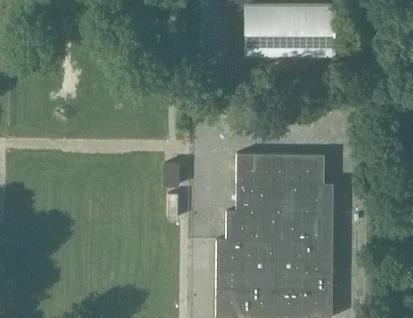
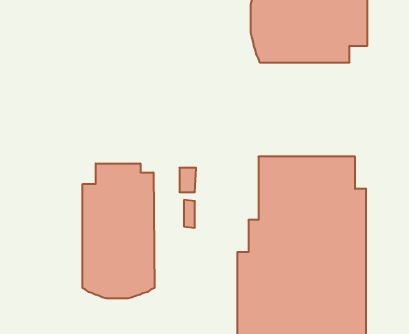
building: none -> [83,163,154,298]

